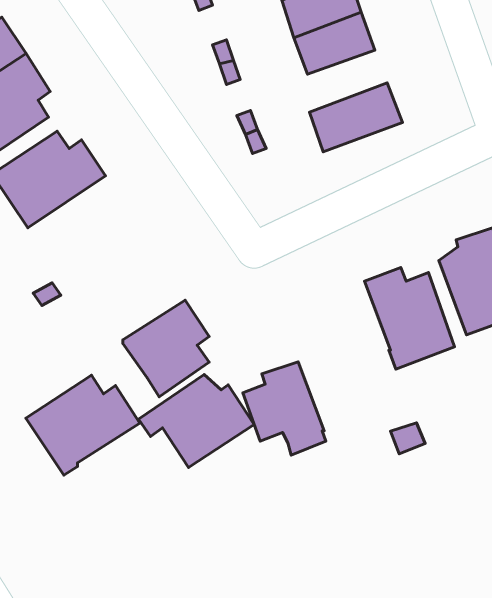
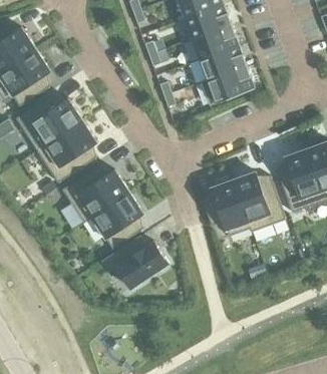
building: none -> [200,46,246,82]
building: none -> [37,119,96,182]
building: [243,362,326,455] -> [201,180,249,235]
building: [26,375,140,475] -> [62,163,128,222]

